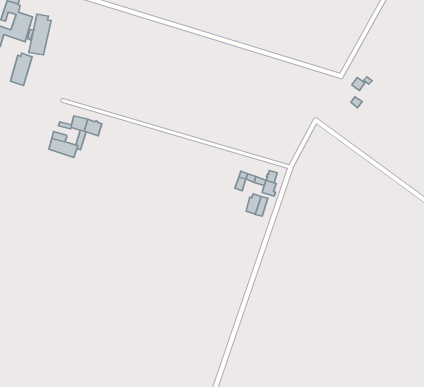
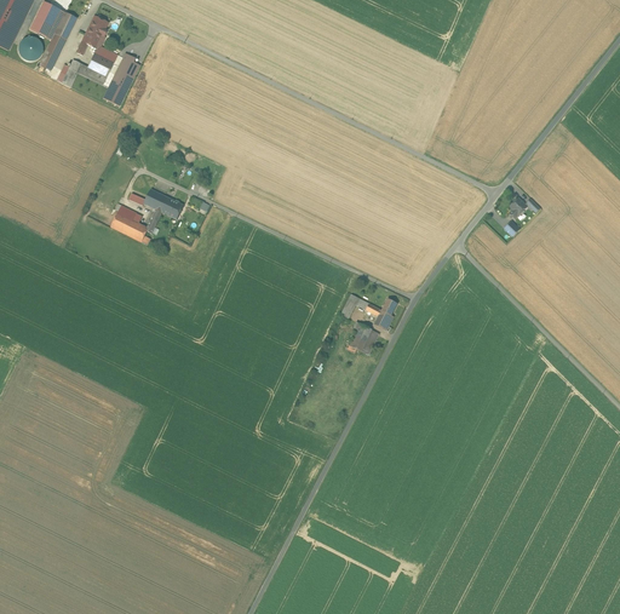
building: [10,53,32,85] -> none

